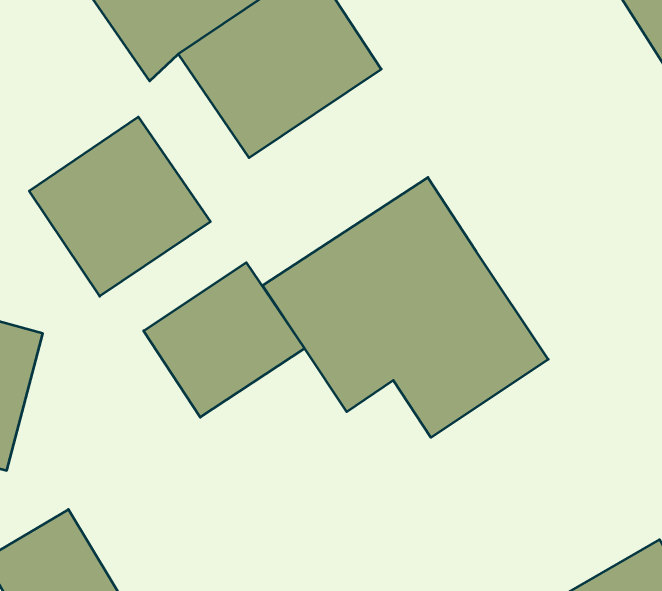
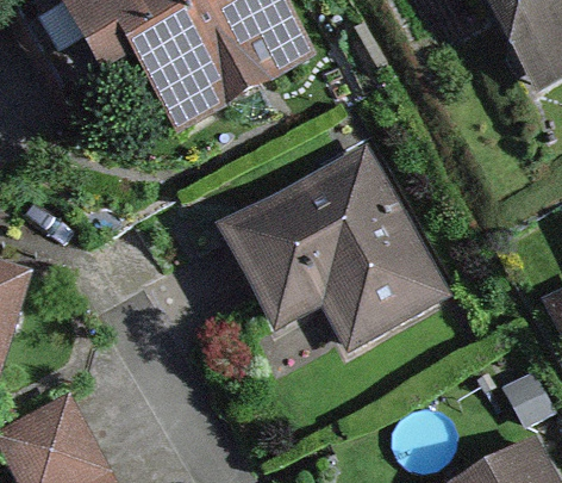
building: [29,117,210,296] -> none
building: [144,263,304,417] -> none

